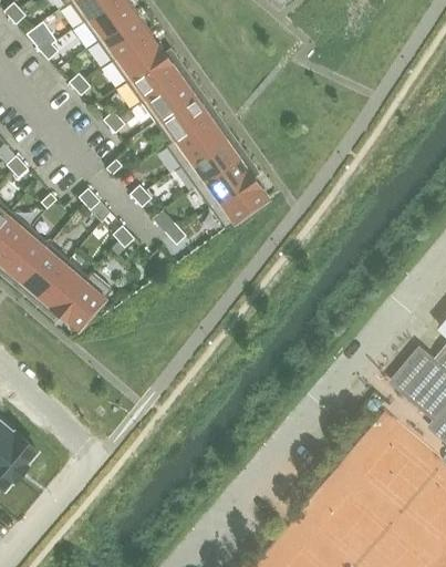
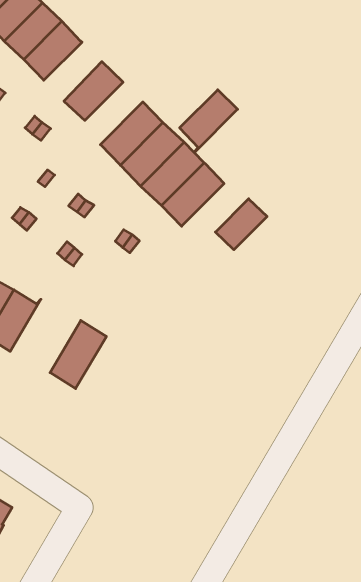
building: [125,53,178,102] -> none
building: [155,94,208,145] -> [180,90,238,152]
building: none -> [215,199,267,250]
building: [56,271,111,330] -> [50,320,106,389]

